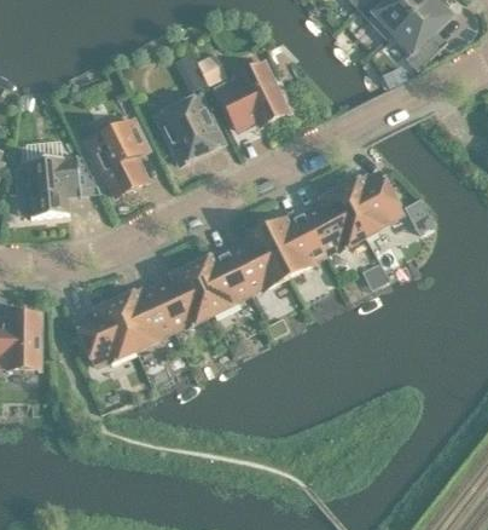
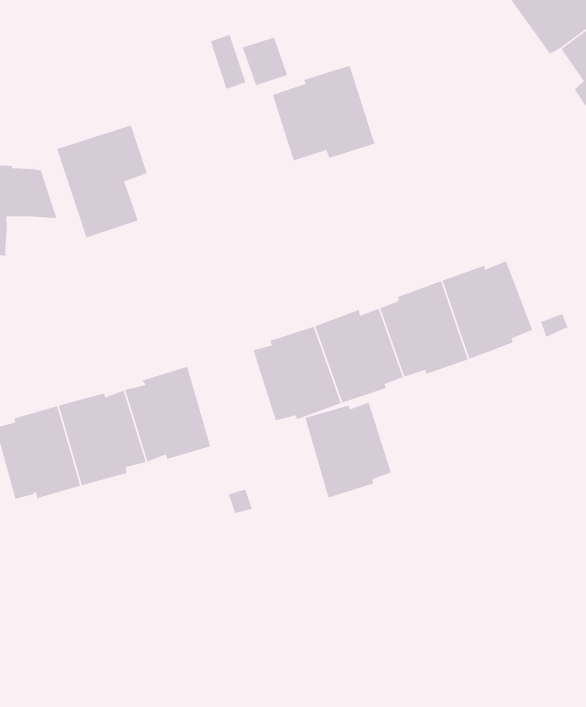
building: [157,94,223,163] -> none
building: [191,249,250,313] -> [305,401,392,498]

